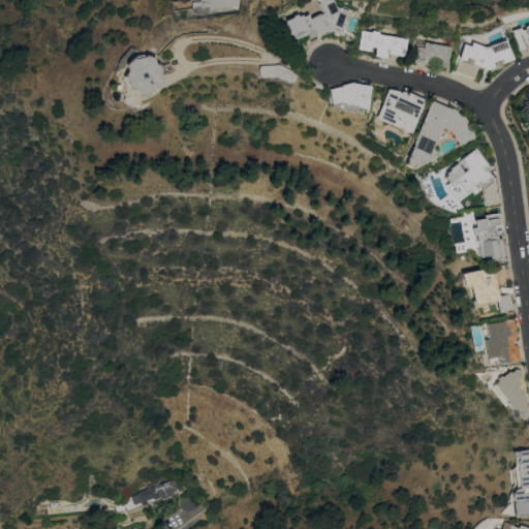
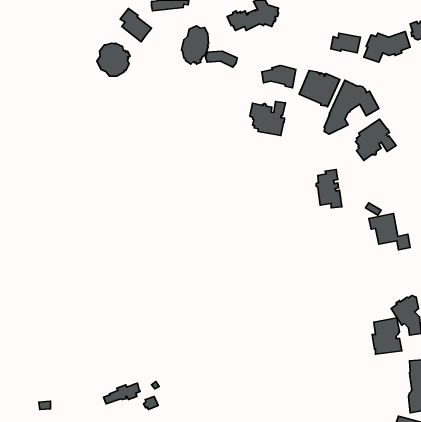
building: none -> [120,9,152,42]
building: [359,31,409,59] -> none
building: none -> [182,26,208,64]
building: none -> [250,101,285,135]
building: [474,213,506,260] -> [316,170,342,208]
building: [485,319,522,365] -> [372,318,402,354]

